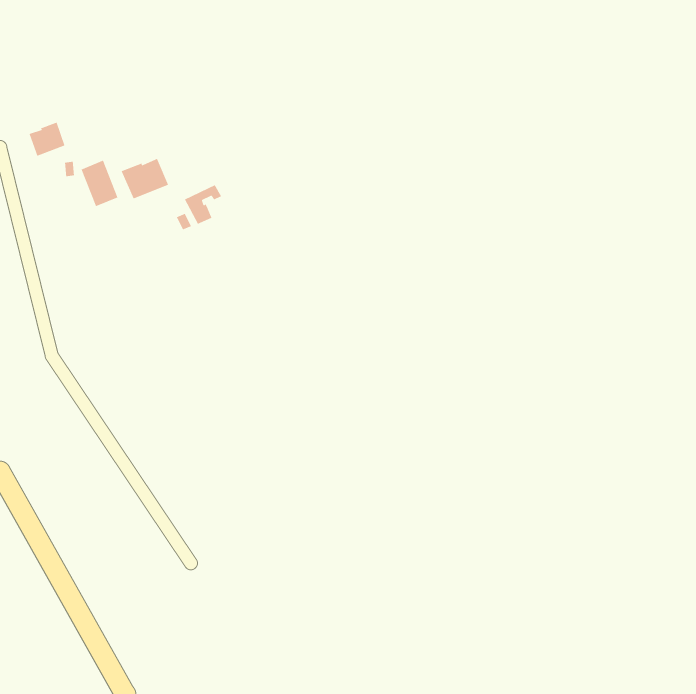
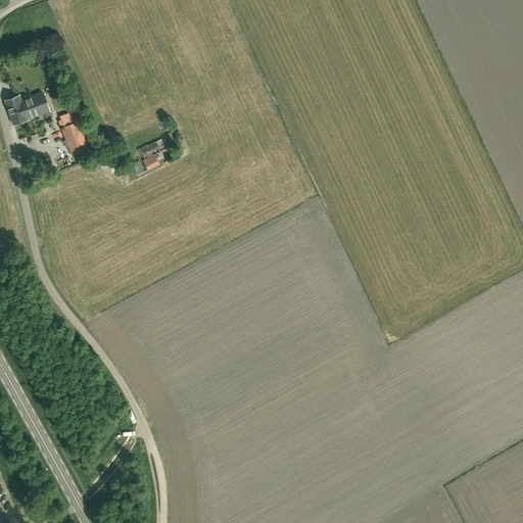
building: none -> [5,95,28,123]
building: [120,158,169,199] -> none

